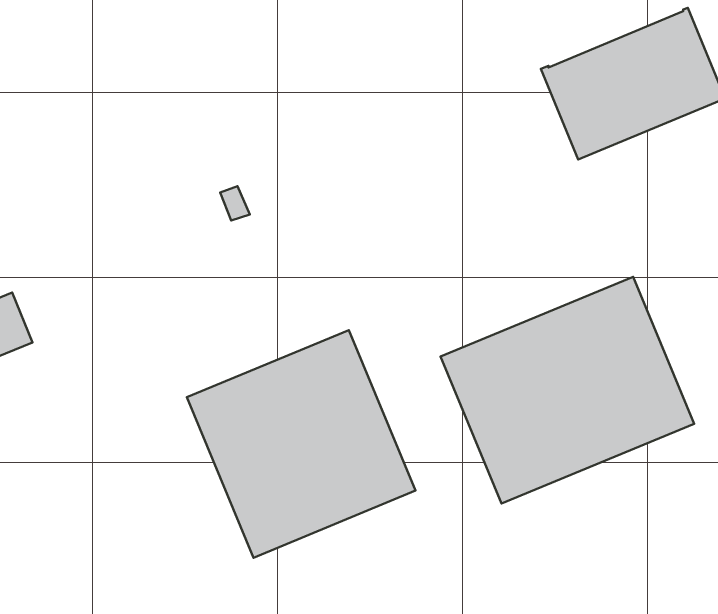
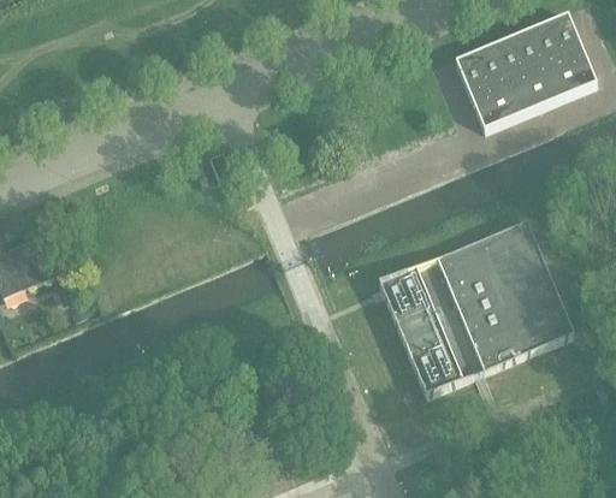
building: [187,330,416,558] -> none

